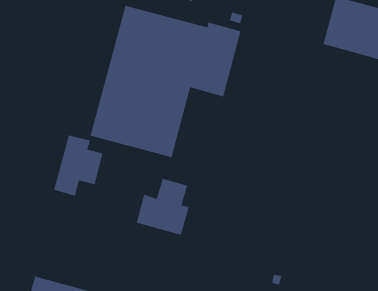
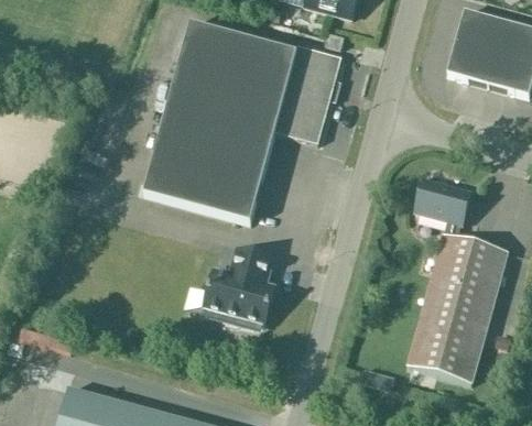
building: none -> [406,181,507,384]
building: [53,134,104,197] -> none

